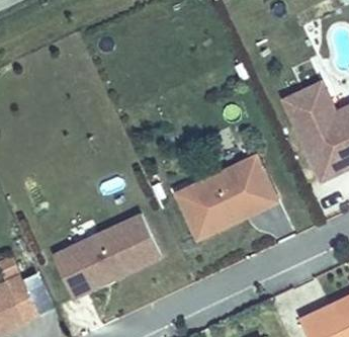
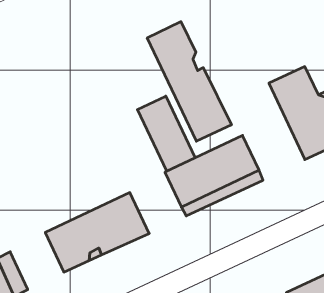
building: none -> [147,22,231,141]
building: none -> [137,96,195,171]

